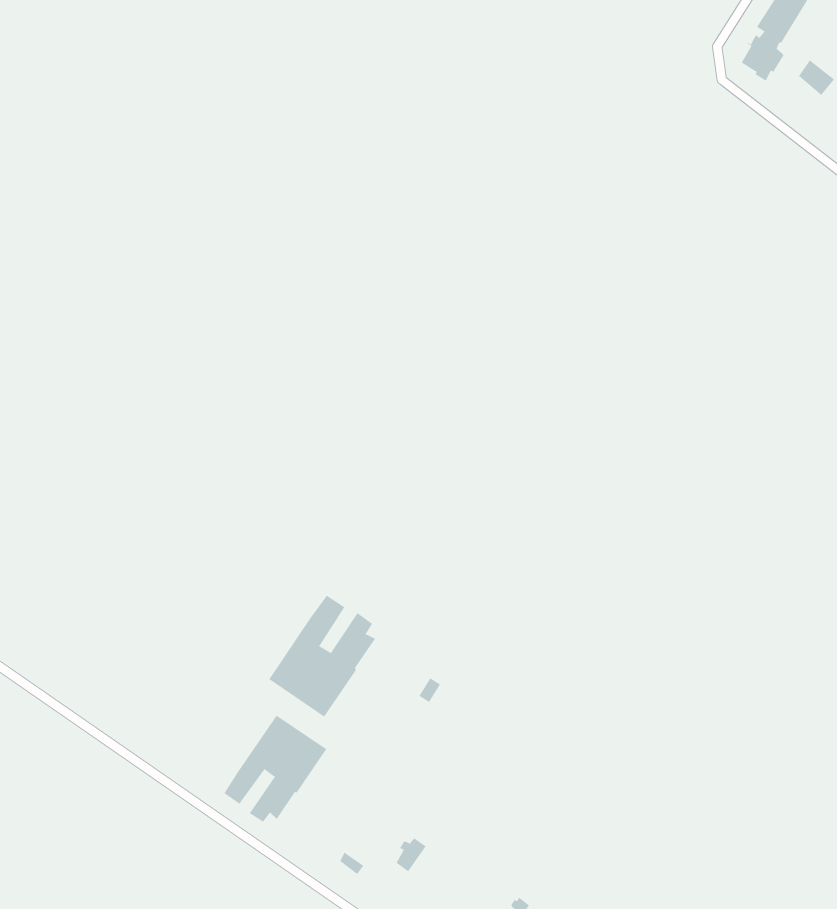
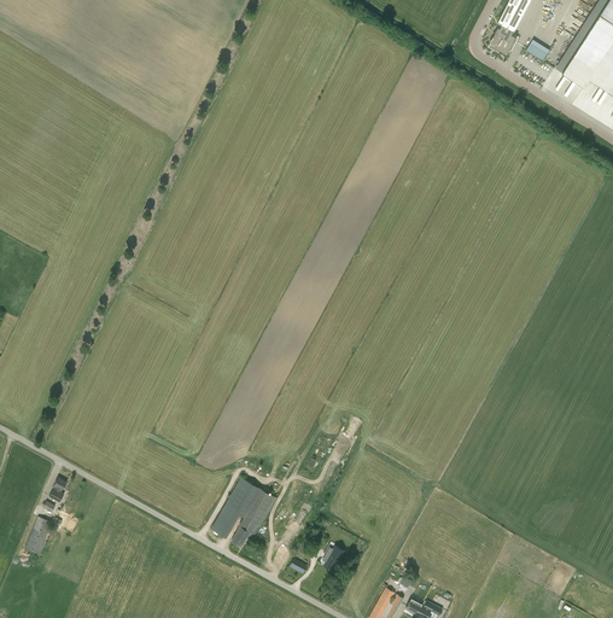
building: [269,595,376,718] -> none

